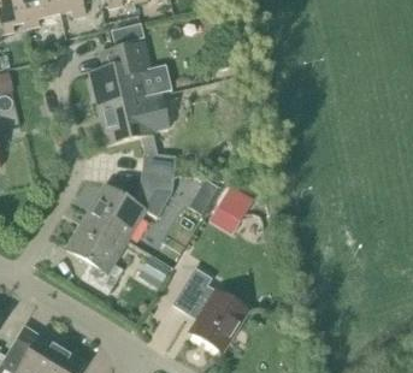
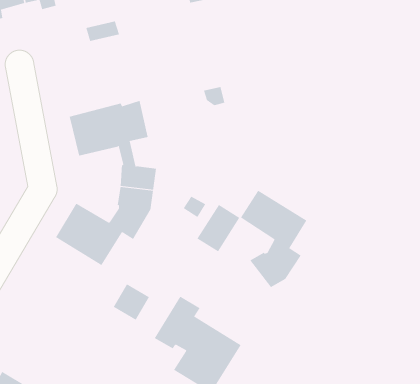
building: [89,40,171,108] -> none
building: none -> [240,190,307,288]
building: [66,214,126,291] -> none

